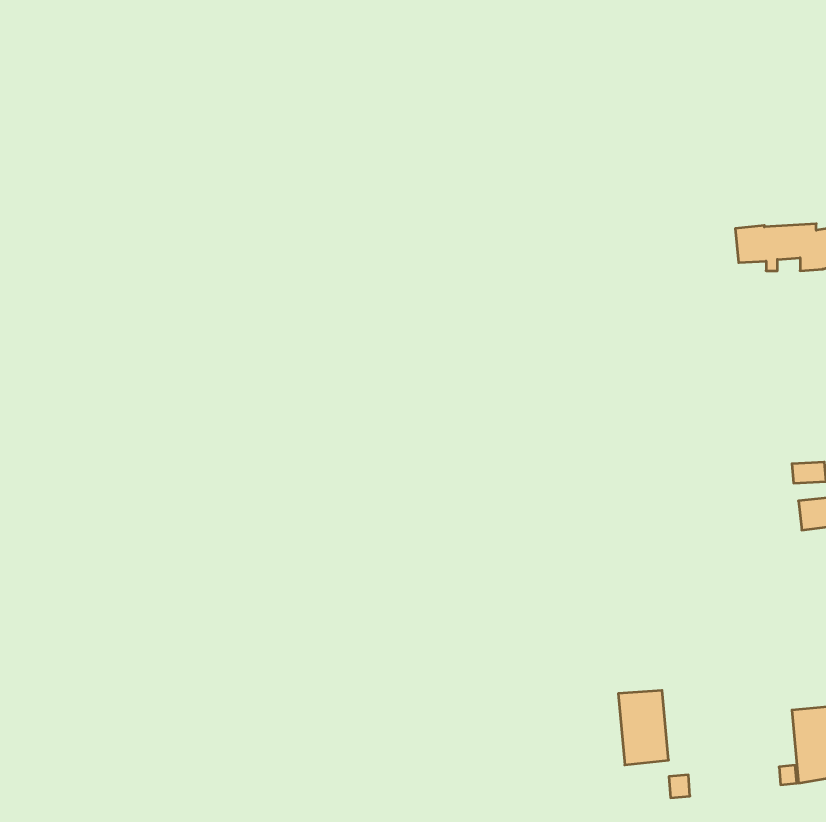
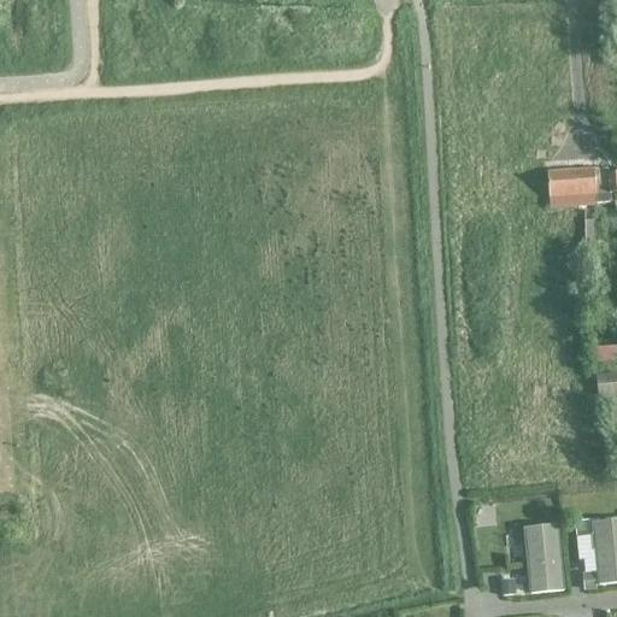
building: [618,690,669,765] -> [524,535,562,590]

